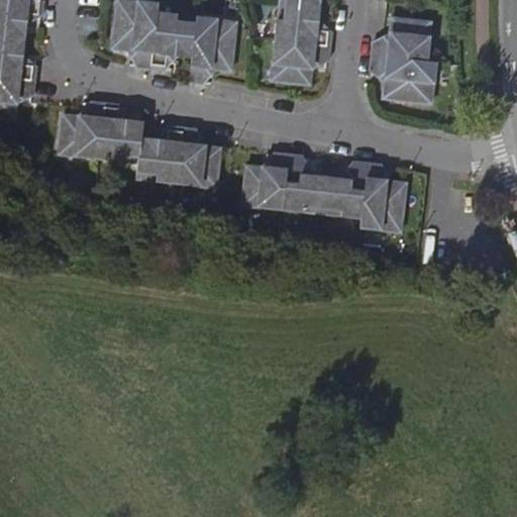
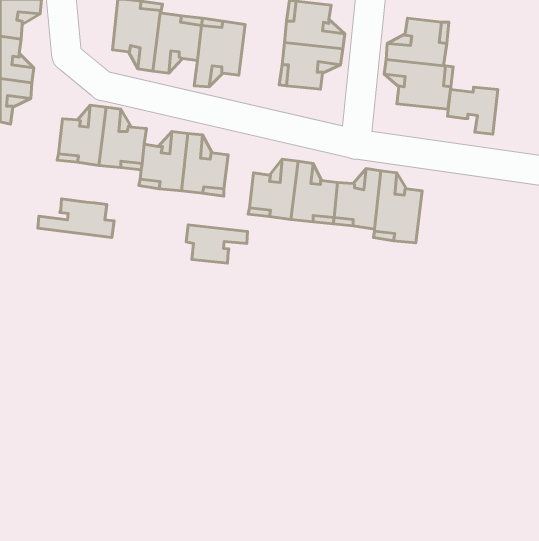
building: none -> [447,87,498,134]
building: none -> [38,199,114,238]
building: none -> [186,225,248,263]

